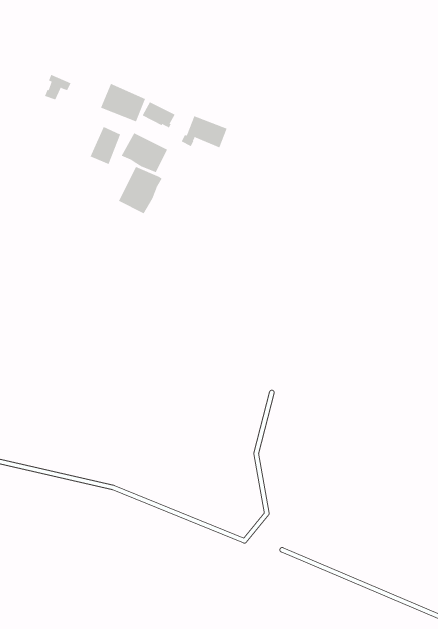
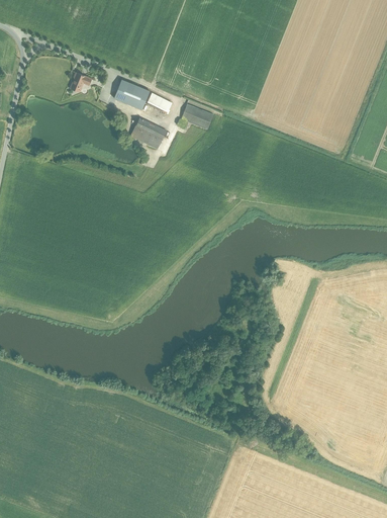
building: [90,126,121,165] -> none
building: [118,166,163,214] -> none

